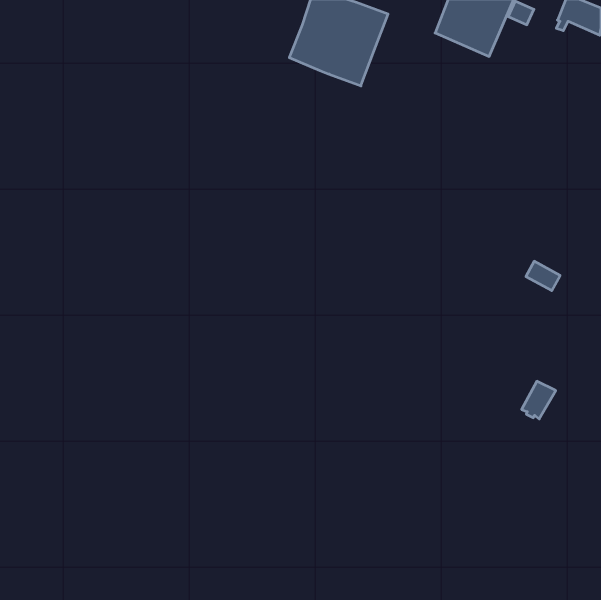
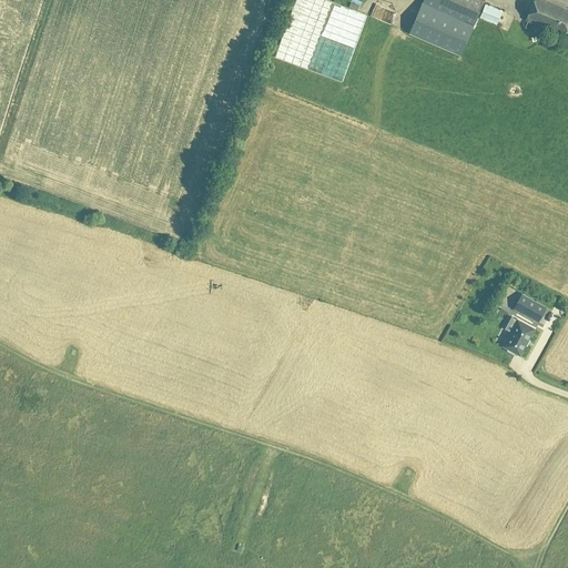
building: [526,261,560,291] -> [514,293,546,321]
building: [522,381,556,419] -> [503,318,535,354]

